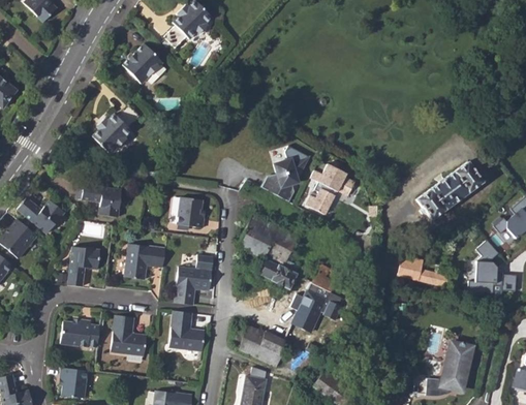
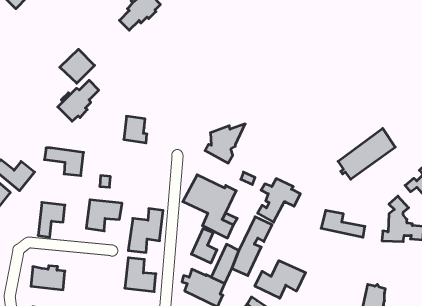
building: [122,44,162,84] -> [60,49,95,83]
building: [306,164,355,215] -> [258,179,300,222]
building: [178,197,205,228] -> [124,116,147,143]
building: none -> [191,228,217,263]
building: none -> [255,261,306,298]
building: [111,315,147,356] -> none

